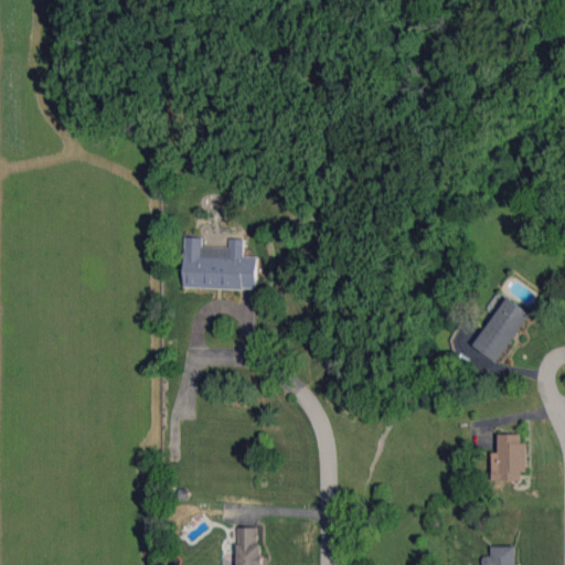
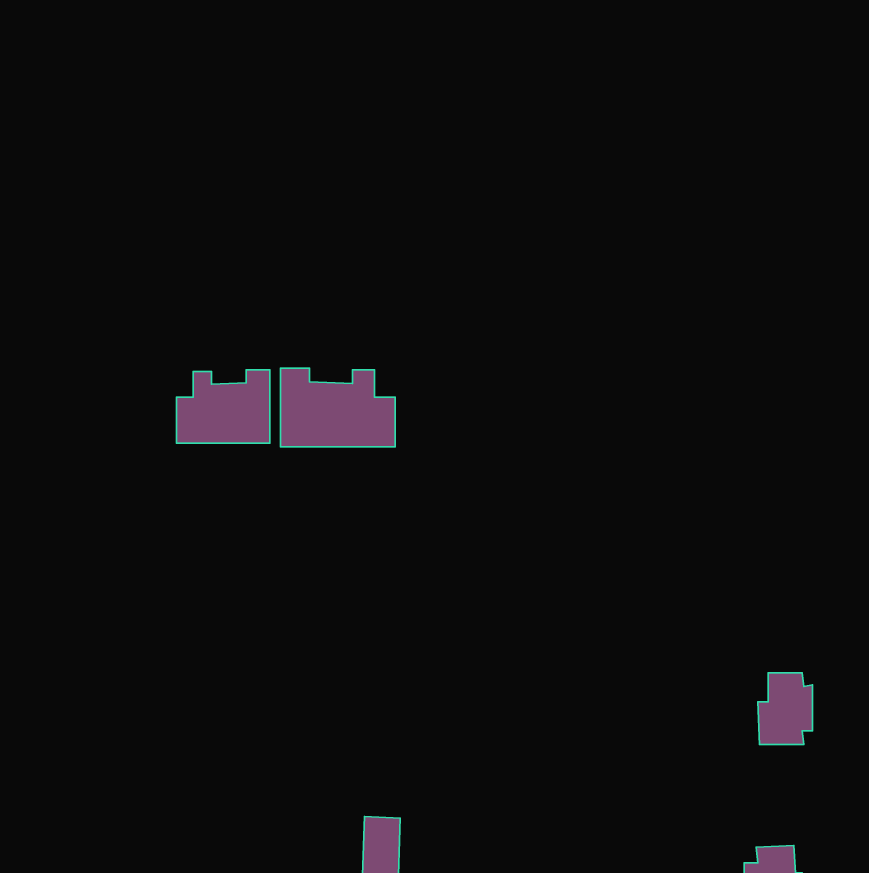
building: none -> [176,370,270,443]
building: [472,297,529,363] -> none

